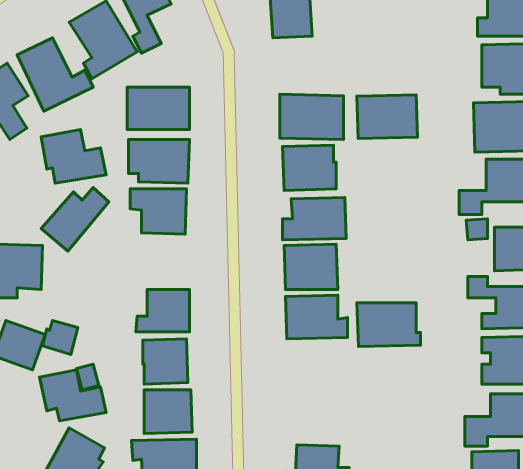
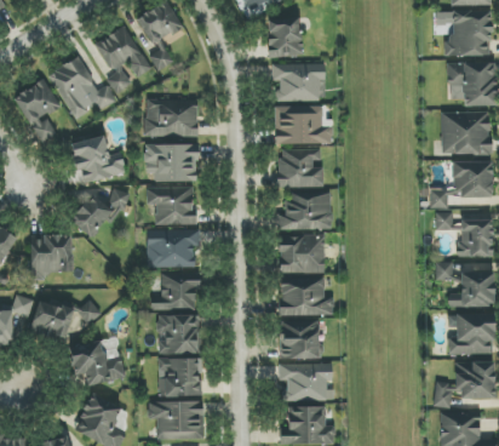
building: [357,95,418,139] -> [274,63,326,101]
building: none -> [147,228,200,267]
building: [357,303,421,347] -> [280,364,334,401]
building: none -> [281,320,319,359]

